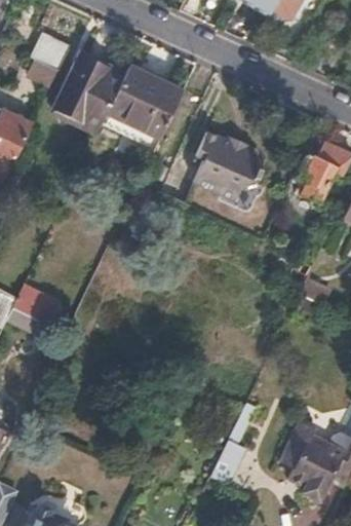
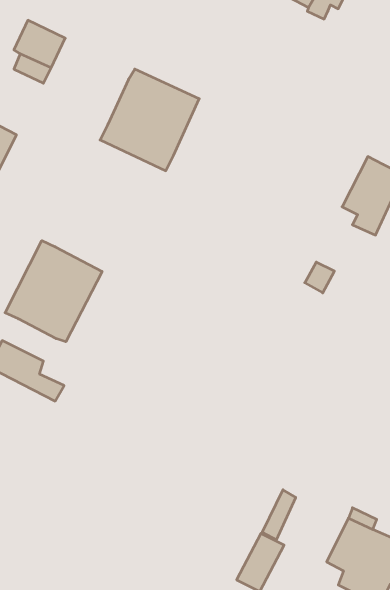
building: [52,55,122,138] -> none
building: [193,132,259,201] -> none
building: none -> [5,241,102,342]

